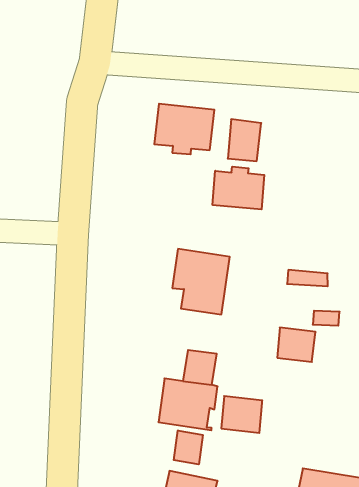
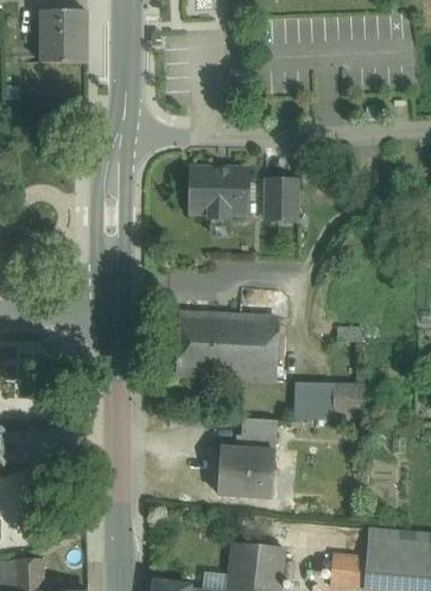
building: [213,167,264,209] -> none
building: none -> [178,313,233,375]
building: [221,396,262,433] -> [294,382,334,417]
building: [174,430,203,464] -> none

